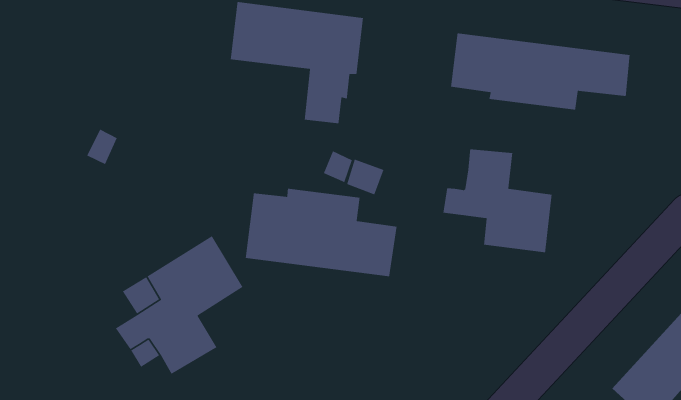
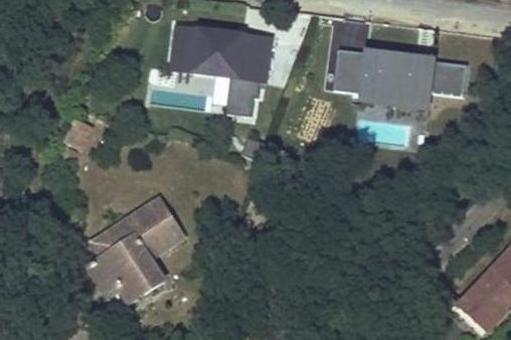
building: [442,148,553,253] -> none
building: [245,188,398,277] -> none

